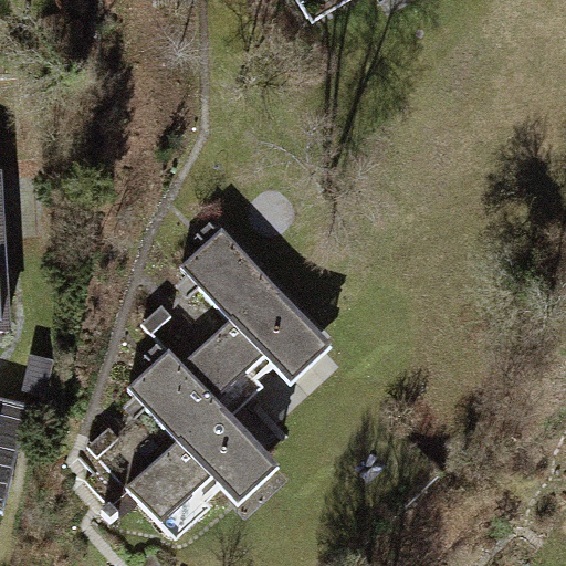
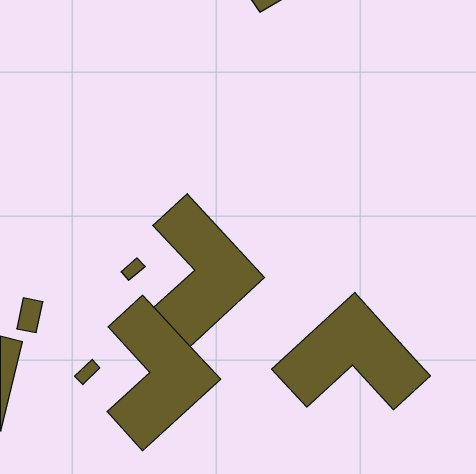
building: none -> [272,292,430,410]

